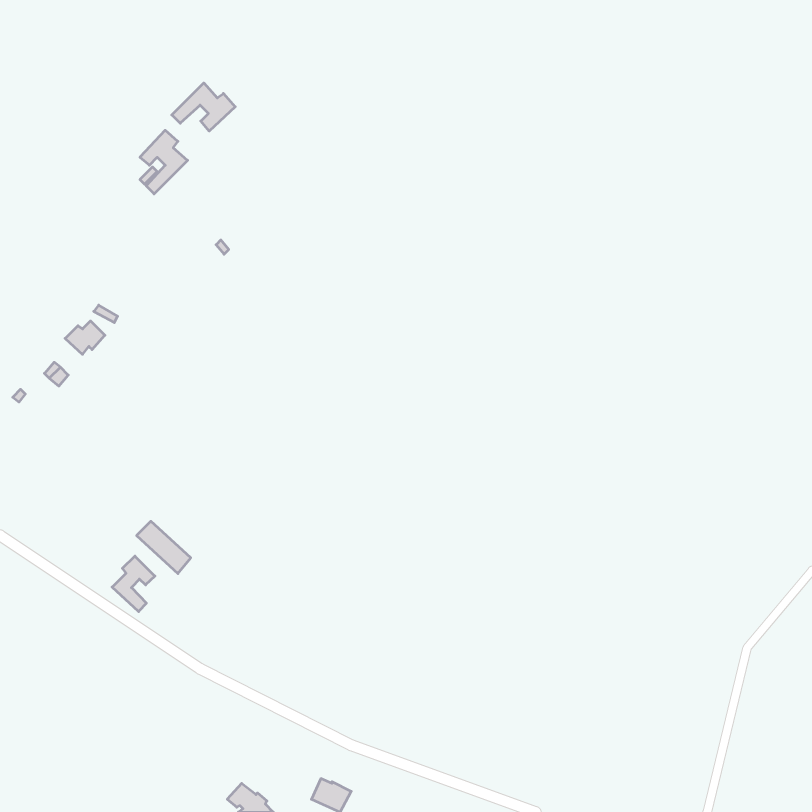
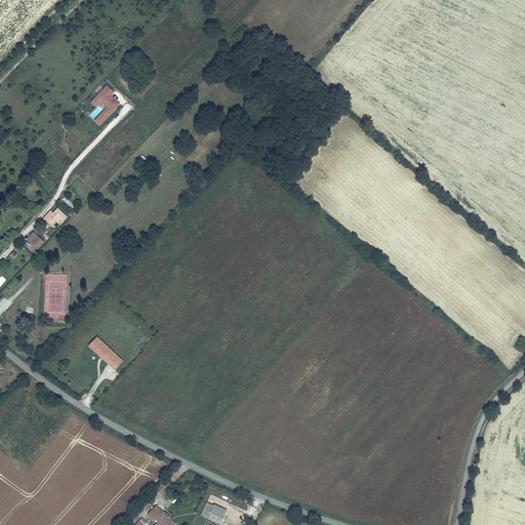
building: [172,83,235,131] -> none
building: [112,556,155,612] -> none

